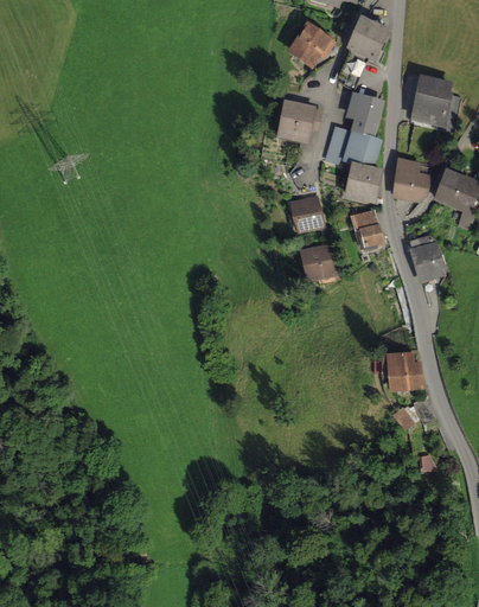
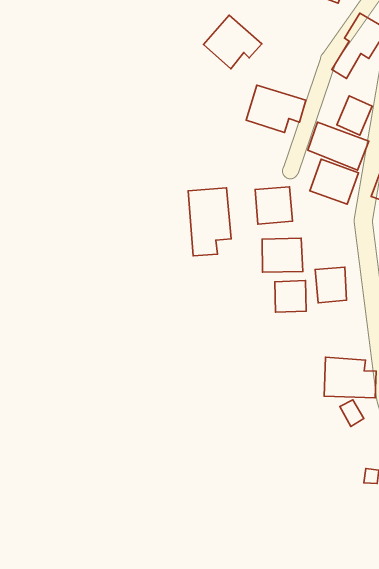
building: [279,19,336,71] -> [203,15,262,69]
building: none -> [188,188,231,256]
building: [344,210,378,248] -> [315,267,346,303]
building: none -> [275,281,306,312]

